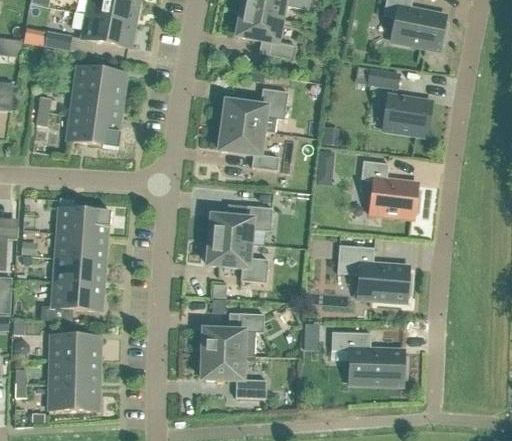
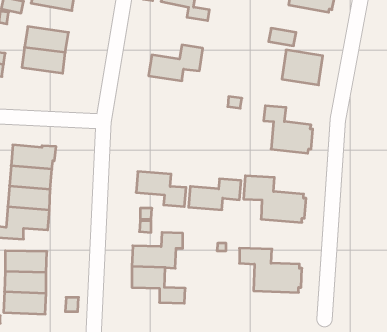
building: [66,114,120,148] -> none
building: [219,124,278,169] -> none
building: [209,205,272,242] -> [189,179,241,210]

